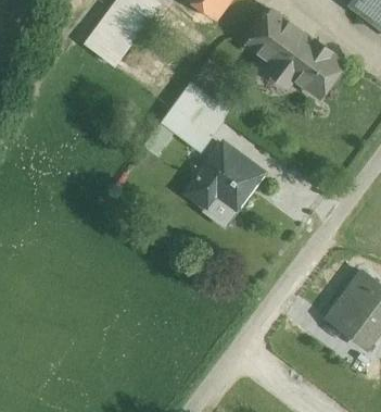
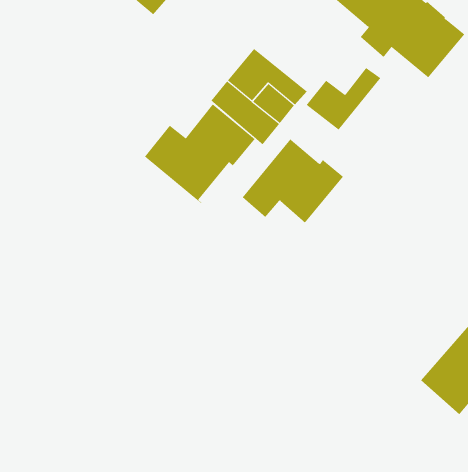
building: none -> [306,67,381,131]
building: none -> [144,103,255,204]

